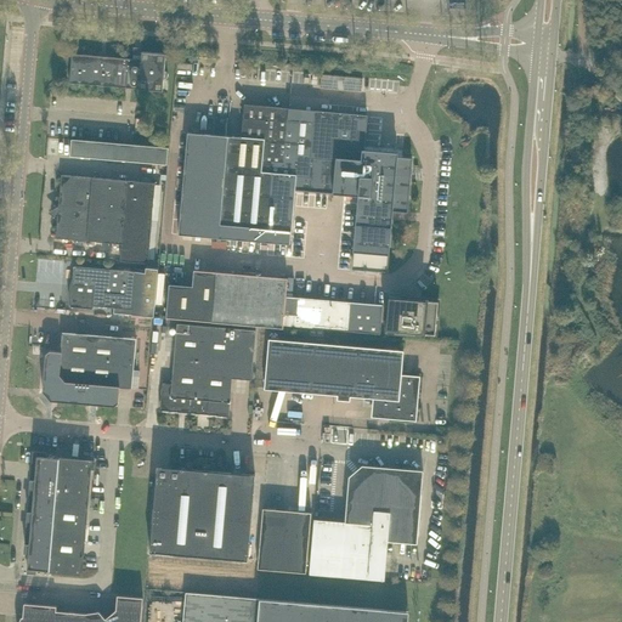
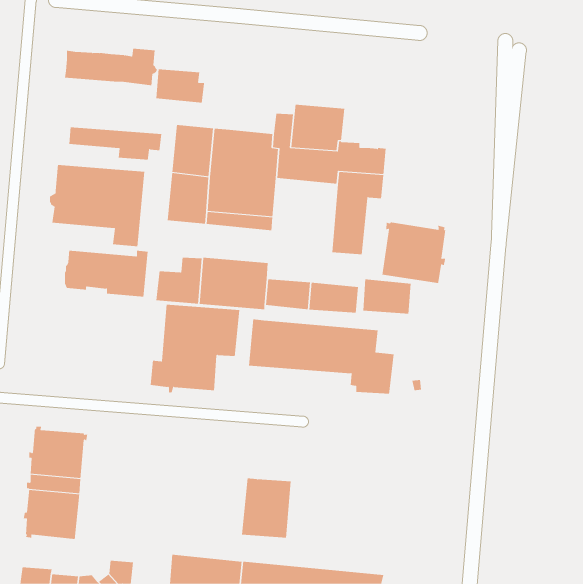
building: [241,106,293,142] -> [156,69,205,103]
building: none -> [382,221,446,284]
building: [41,332,135,406] -> none
building: [309,465,423,579] -> none
building: [148,468,254,560] -> none

